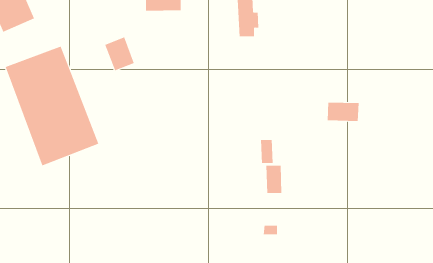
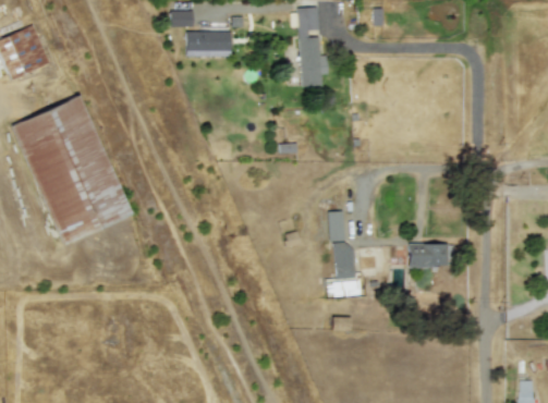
building: [105,37,135,71] -> none
building: [327,102,359,122] -> [407,243,448,267]
building: none -> [328,279,361,296]

